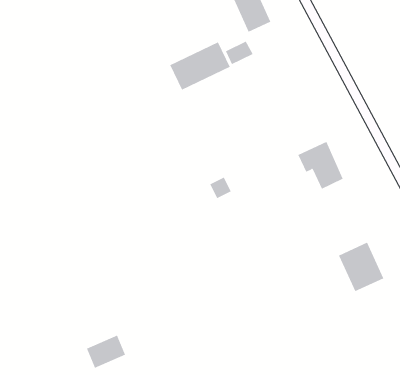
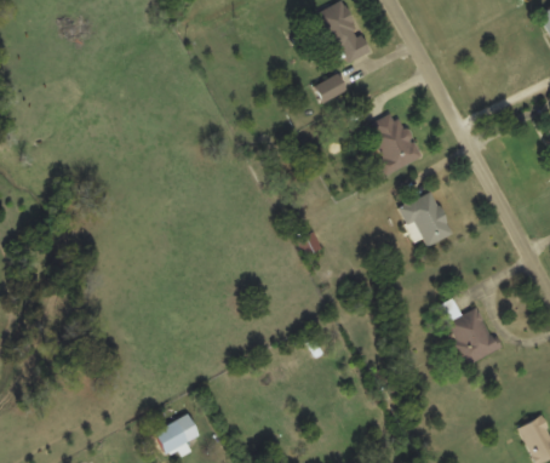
building: [169,41,231,91] -> none
building: none -> [369,109,422,175]

